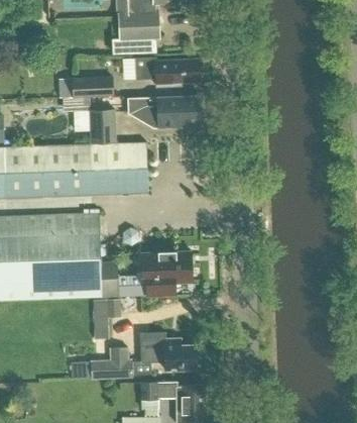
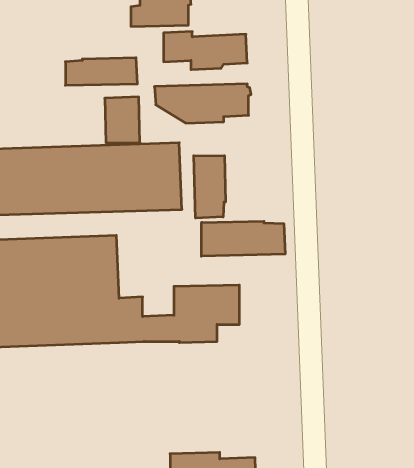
building: none -> [194,156,225,218]
building: none -> [201,221,285,256]
building: [93,299,121,339] -> none
building: [70,332,196,378] -> none

